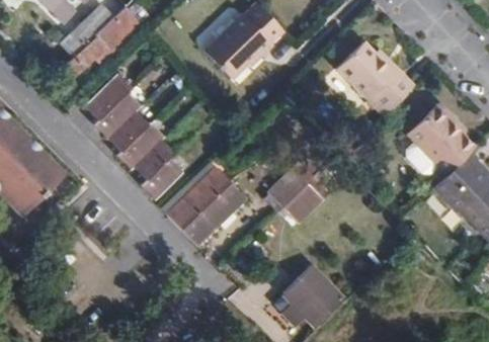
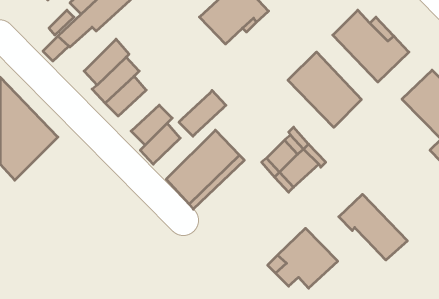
building: none -> [288,52,361,127]
building: [117,121,165,168] -> [179,90,226,136]
building: none -> [339,194,407,260]

